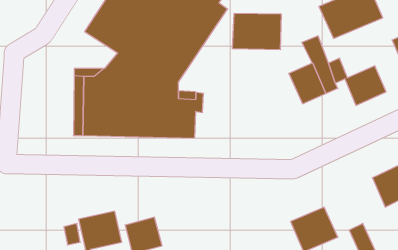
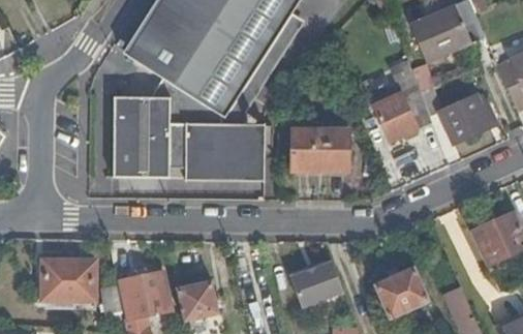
building: [232,13,281,50] -> [291,129,350,173]
building: none -> [40,257,95,306]
building: none -> [290,262,343,306]

